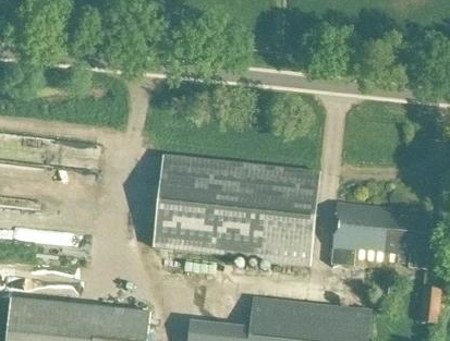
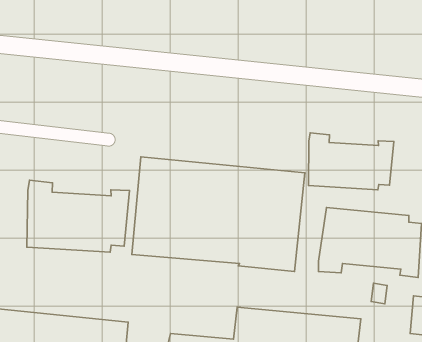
building: none -> [308,133,394,190]
building: none -> [27,180,129,252]

